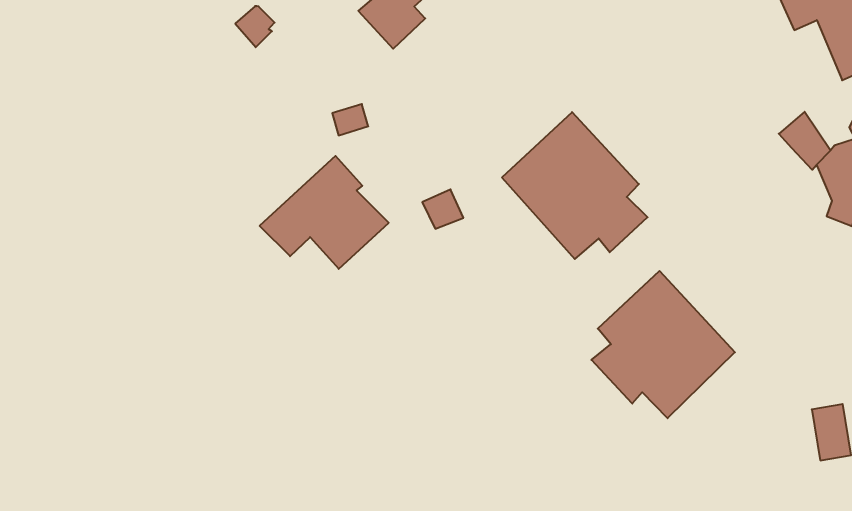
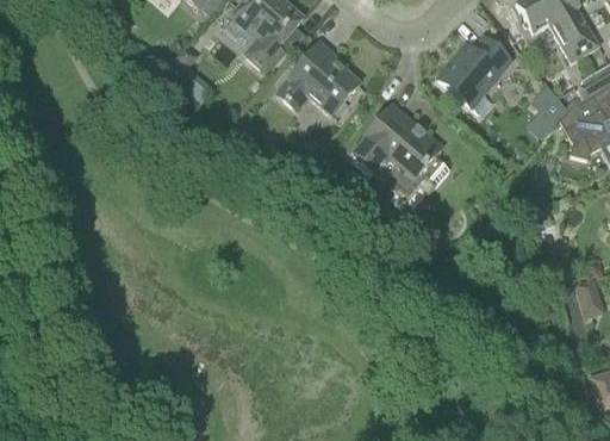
building: none -> [438,37,512,107]
building: [260,156,389,269] -> [274,41,360,116]
building: [591,271,735,418] -> none

